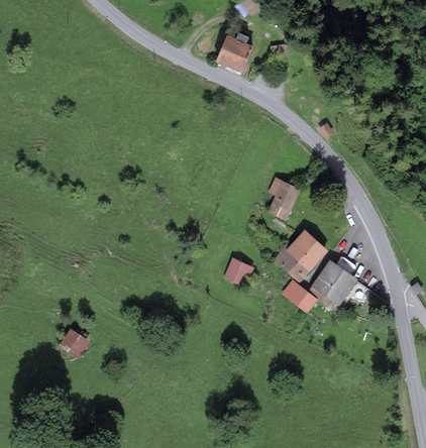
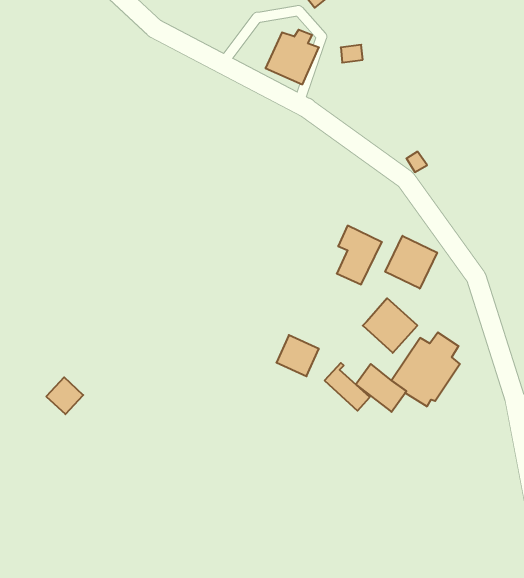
building: none -> [385,236,437,289]
building: [276,245,309,281] -> [325,363,370,411]
building: [63,330,90,357] -> [46,377,83,414]

